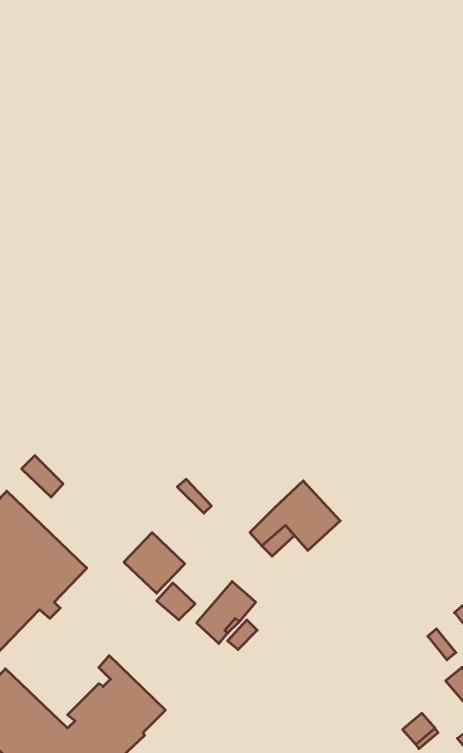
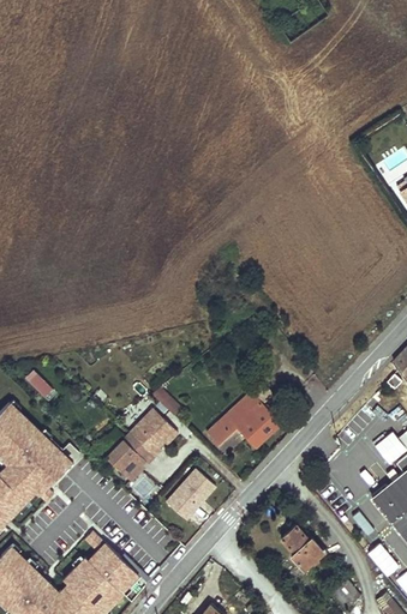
building: none -> [128,409,180,459]
building: none -> [281,526,323,571]

